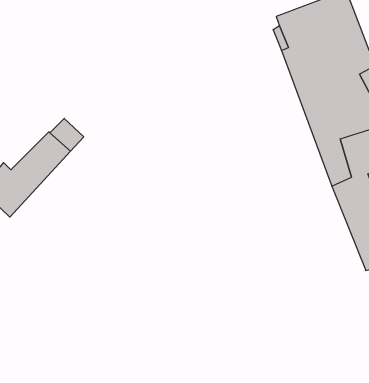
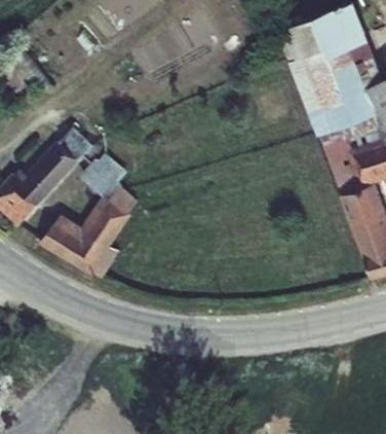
building: none -> [38,155,137,281]

